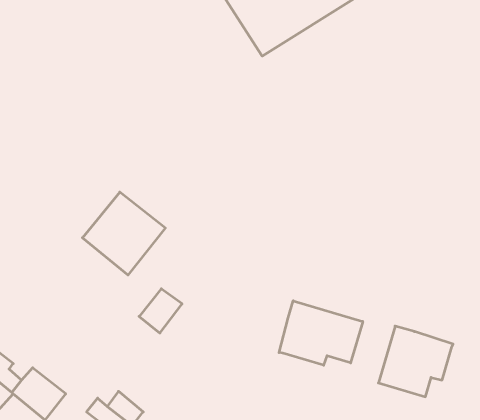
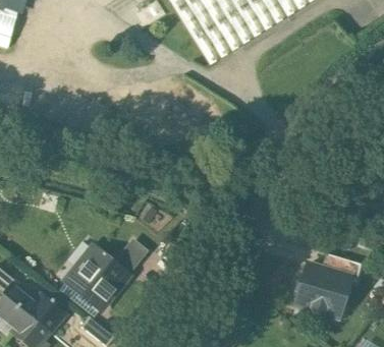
building: [82,192,165,275] -> [65,248,126,309]
building: [279,301,363,365] -> none
building: none -> [321,253,361,281]

